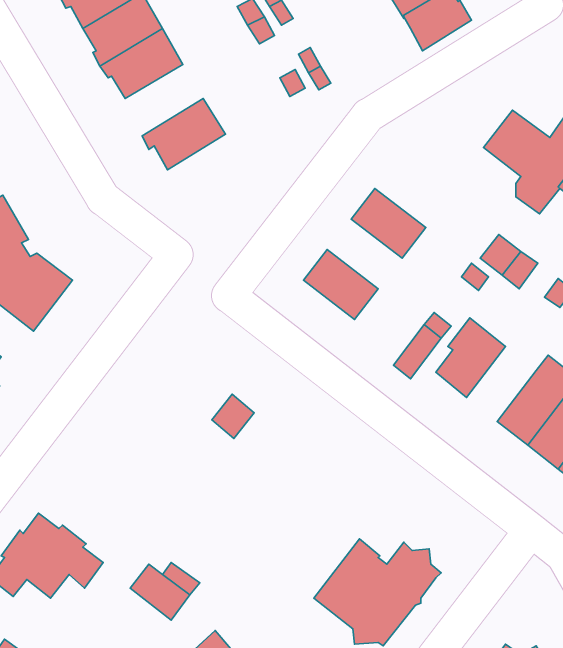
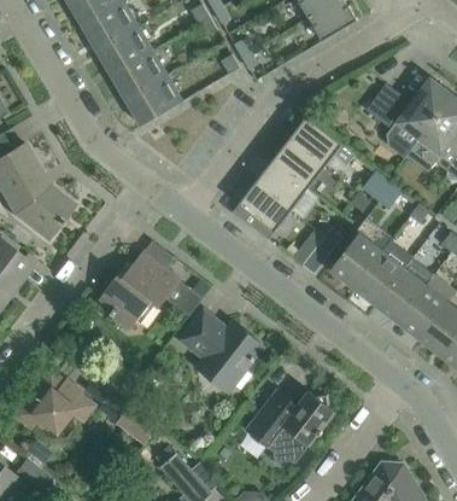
building: none -> [111,51,166,101]
building: none -> [288,116,356,167]
building: none -> [254,161,307,210]
building: none -> [353,239,412,304]
building: none -> [99,251,180,328]
building: none -> [180,309,263,391]

